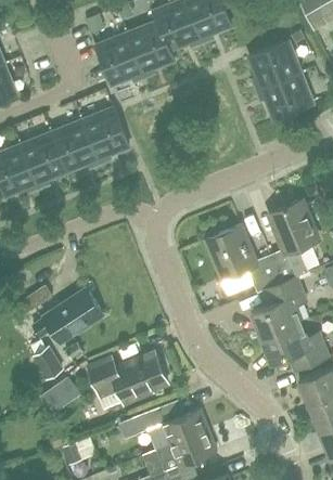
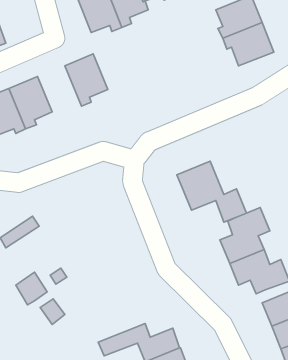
building: [51,119,100,170] -> none
building: [271,200,318,282] -> none
building: [33,289,101,340] -> none
building: [88,352,167,405] -> none

